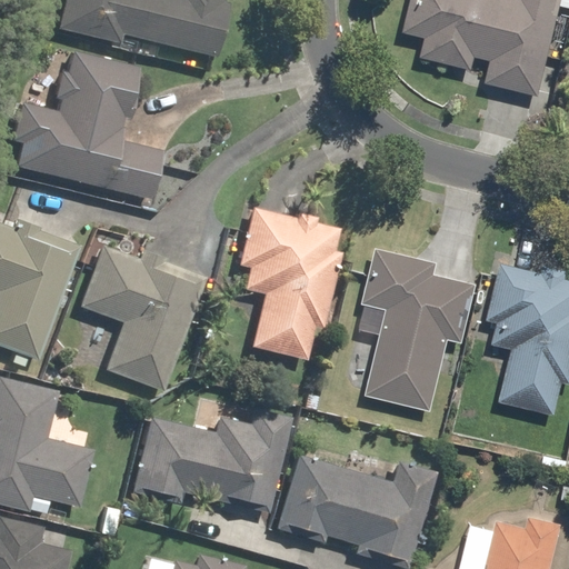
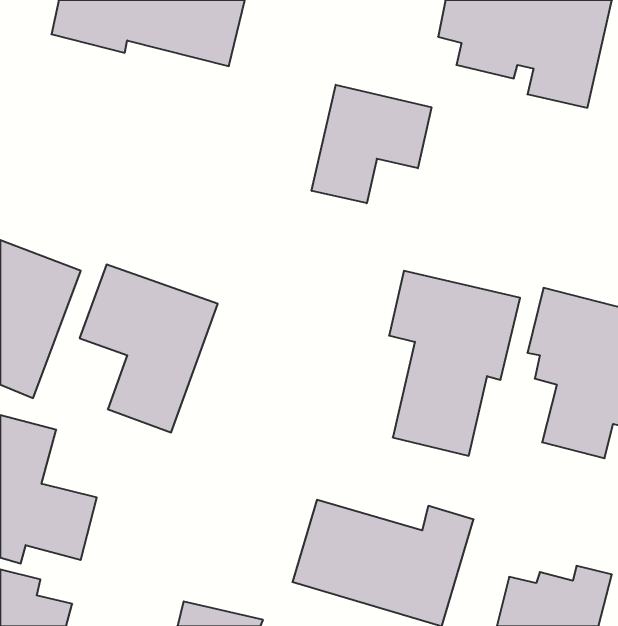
building: [11,49,164,206] -> none
building: none -> [312,85,431,203]
building: [227,208,343,362] -> none
building: [124,405,291,517] -> none

